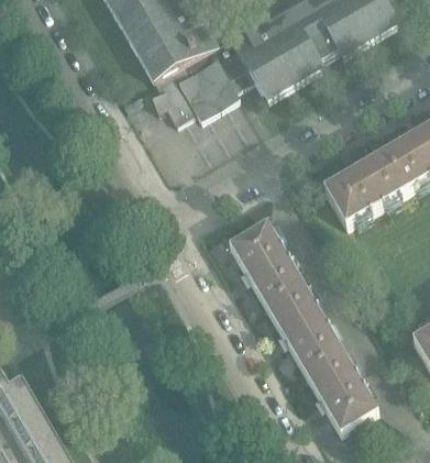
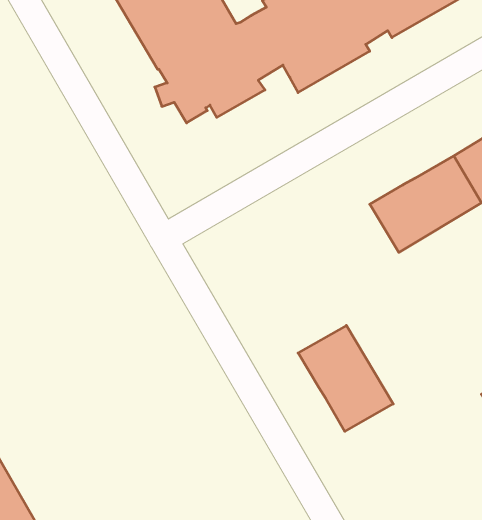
building: [229,217,304,302] -> none
building: [302,343,377,429] -> none

